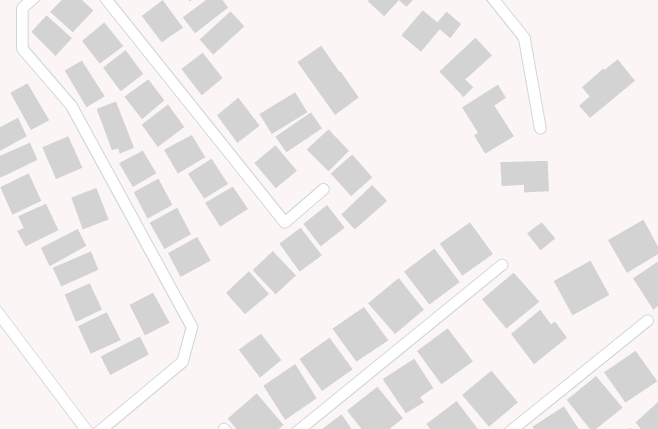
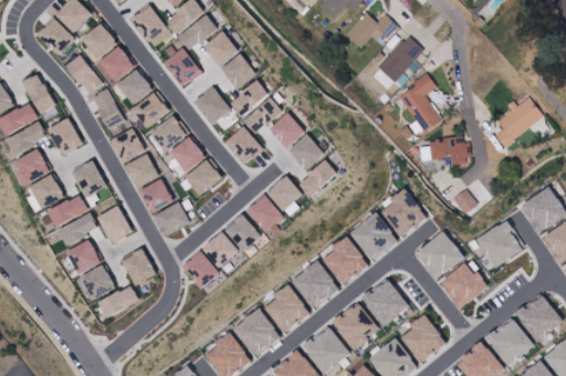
building: [296,44,360,116] -> [203,30,256,90]
building: [578,58,636,119] -> [495,96,544,147]
building: none -> [96,206,132,242]
building: [237,332,282,379] -> [181,250,219,289]

